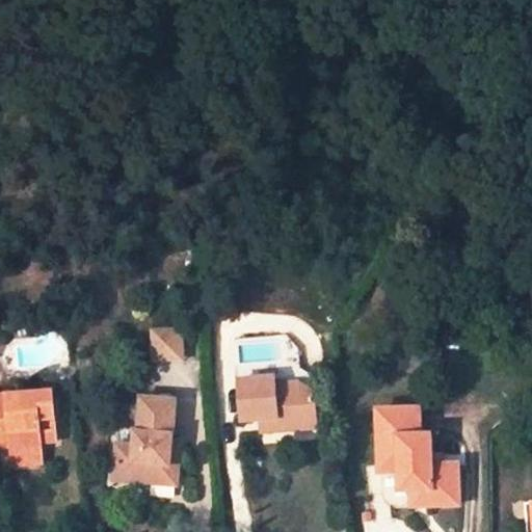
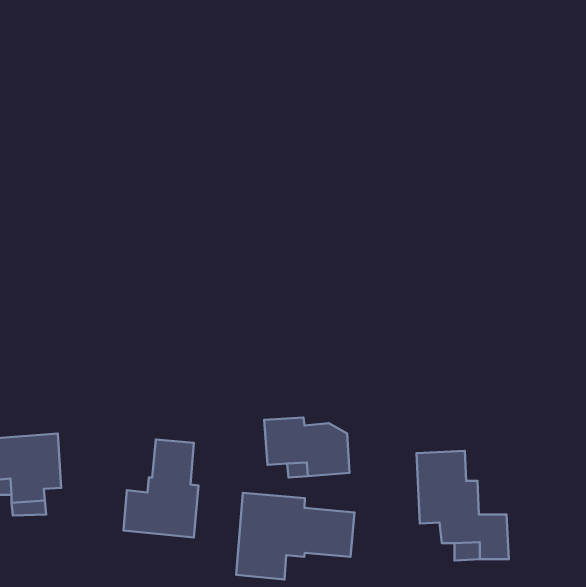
building: [148,326,180,360] -> none
building: none -> [236,493,354,579]

